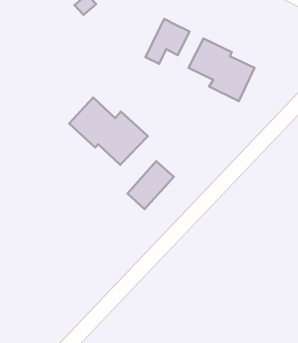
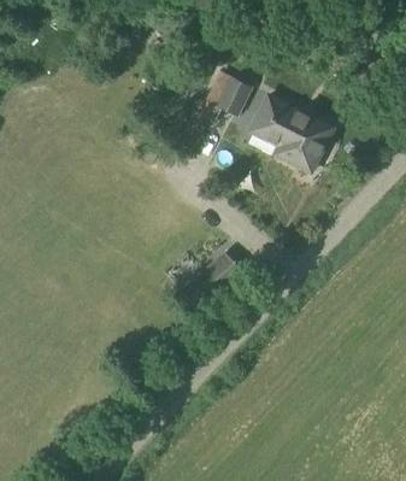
building: [69,97,148,165] -> none

